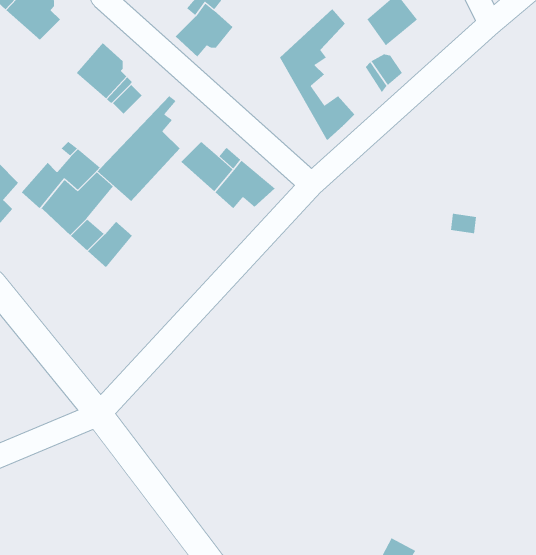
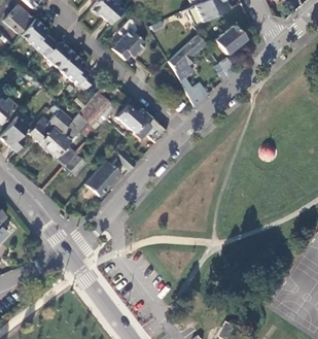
building: none -> [38,39,72,68]
building: none -> [84,146,135,196]

